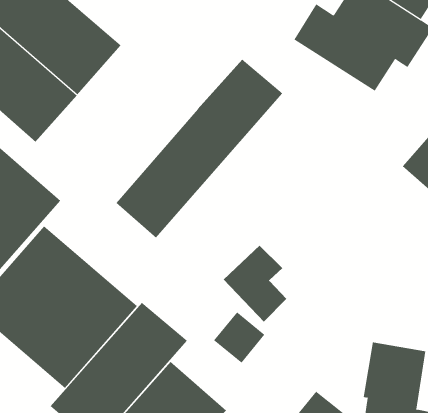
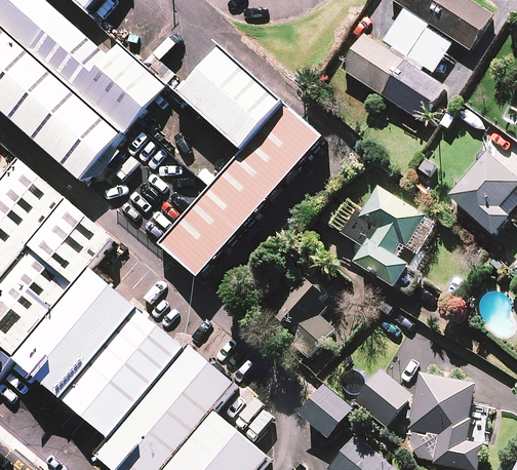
building: none -> [180,39,285,143]
building: none -> [342,189,420,290]
building: [213,311,265,364] -> [296,388,349,440]
building: none -> [350,373,407,429]

